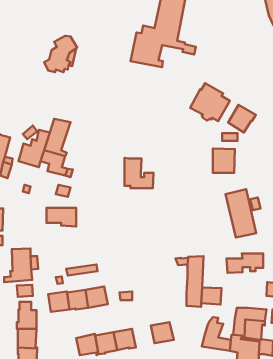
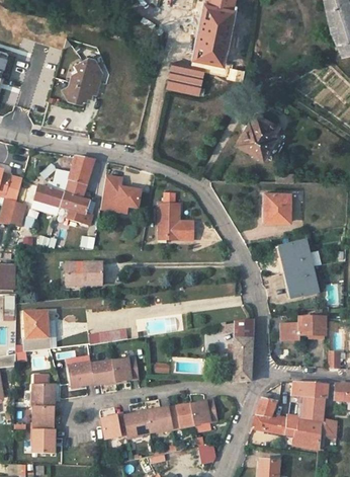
building: [228,105,256,132] -> none
building: none -> [101,175,141,211]
building: [201,288,221,304] -> none
building: none -> [169,403,195,429]

